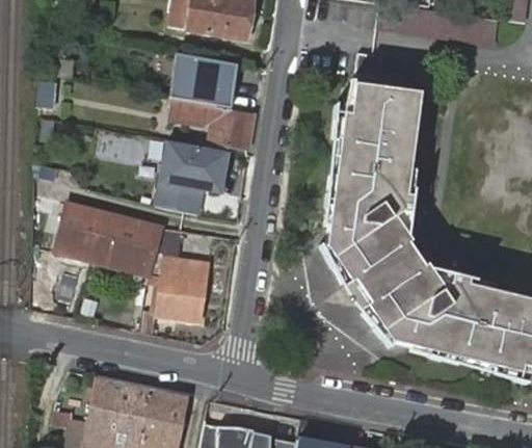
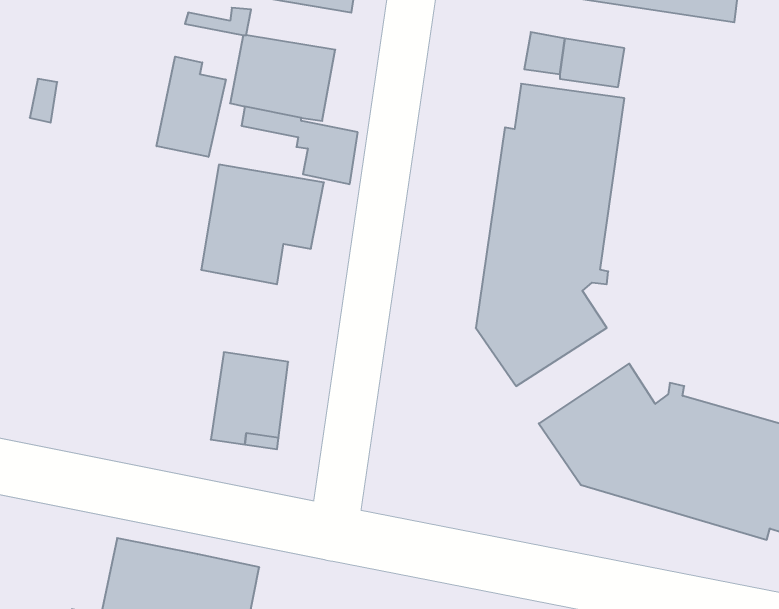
building: none -> [157,57,226,157]
building: [55,201,160,272] -> none
building: [354,242,427,304] -> none

